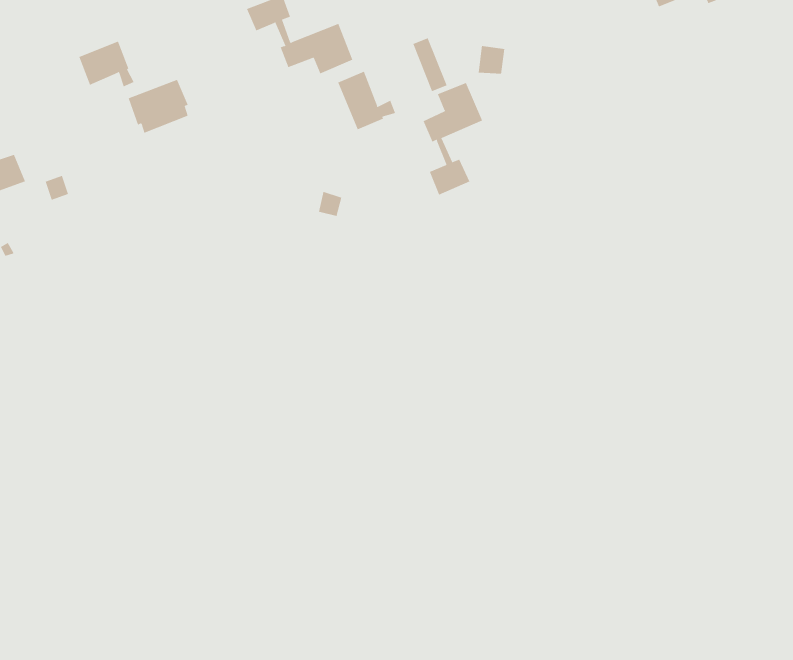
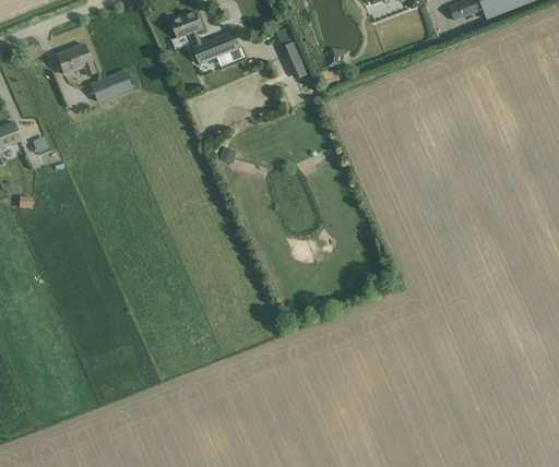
building: [337,71,396,130] -> none
building: [423,82,483,196] -> none

